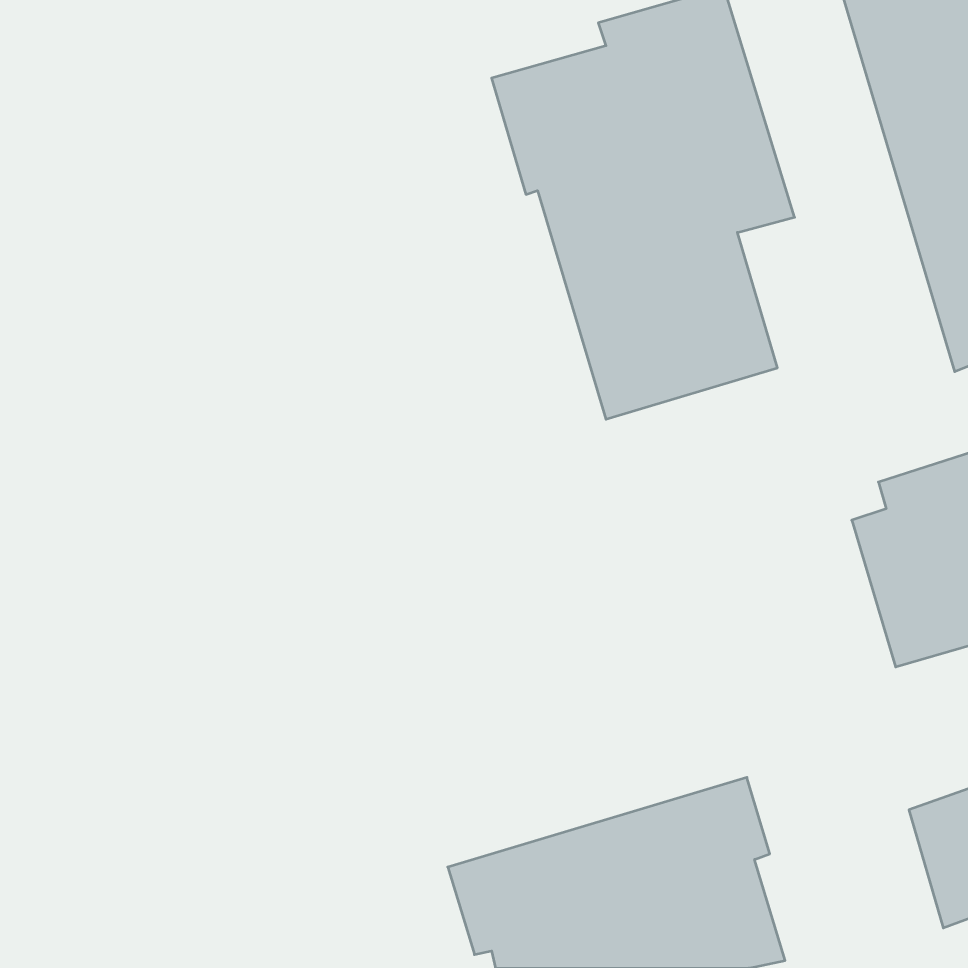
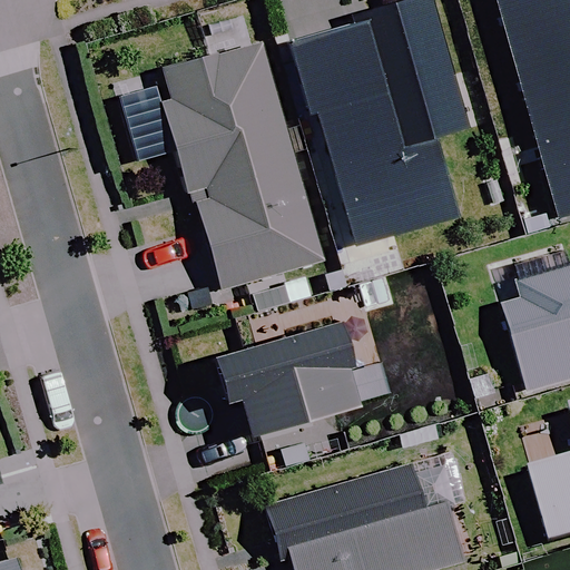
building: none -> [161,45,325,292]
building: none -> [212,323,355,438]

